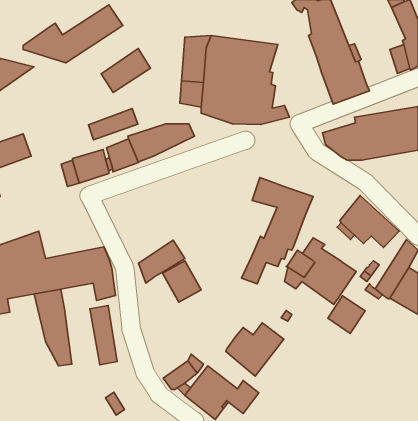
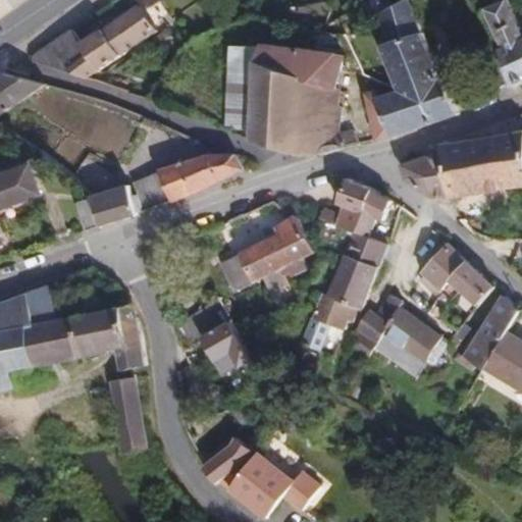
building: [101,49,151,93] -> none
building: none -> [365,90,412,140]
building: [88,108,138,140] -> none
building: none -> [317,177,389,231]
building: none -> [218,214,314,298]
building: [34,289,72,366] -> none
building: [328,296,365,333] -> none
building: [226,323,284,376] -> none

